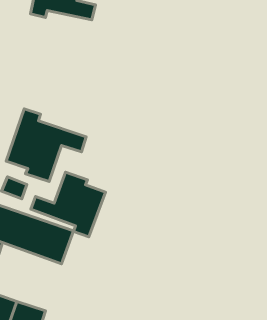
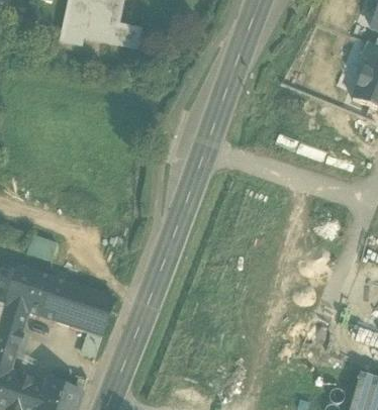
building: [6,109,86,181] -> none
building: [31,172,106,237] -> none

